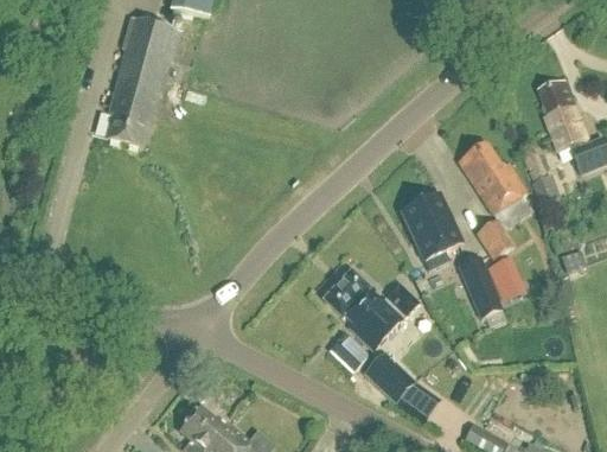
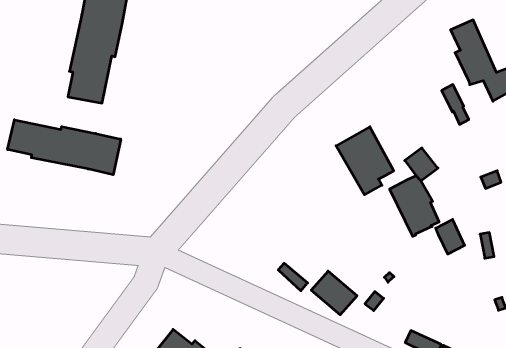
building: [460,144,530,215] -> none
building: none -> [8,120,121,175]
building: [325,269,405,348] -> none
building: none -> [436,219,465,254]

